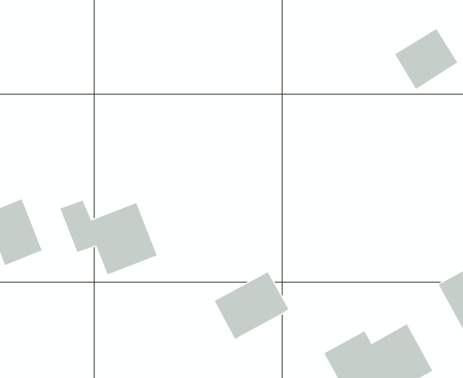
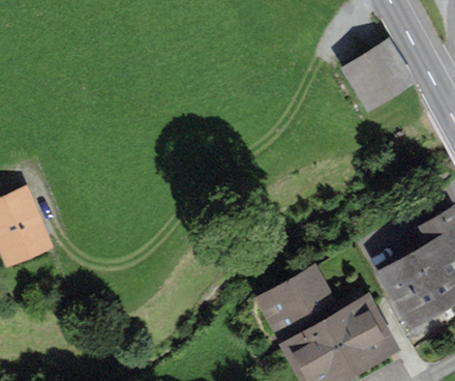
building: [59,200,158,275] -> none
building: [214,271,289,340] -> [264,272,330,332]

